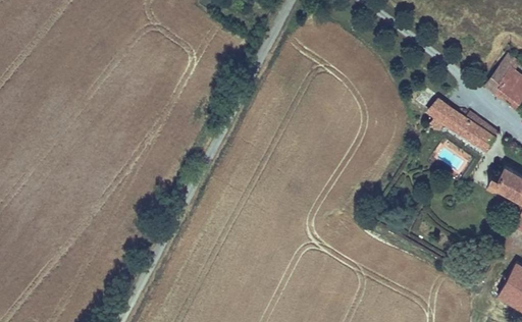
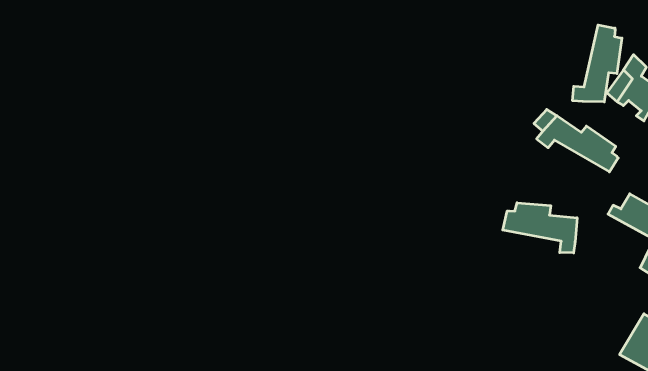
building: none -> [573,25,622,102]
building: none -> [503,203,577,253]

